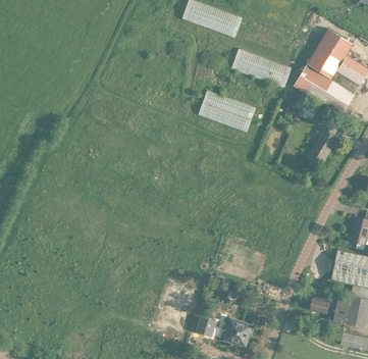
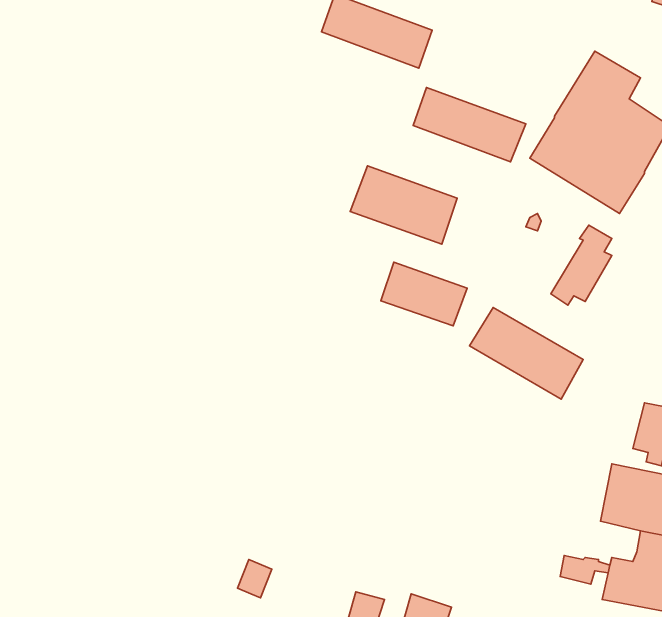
building: none -> [381,262,467,326]
building: none -> [470,308,583,399]

